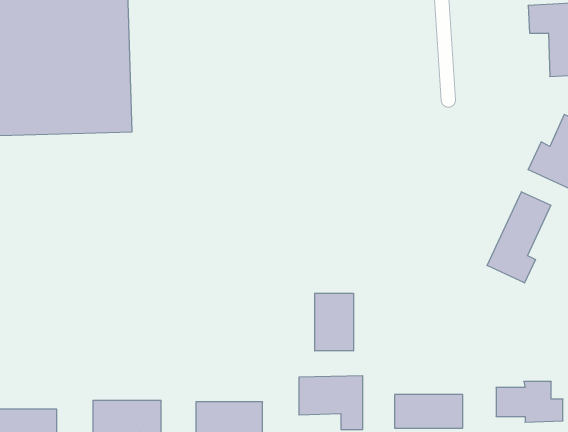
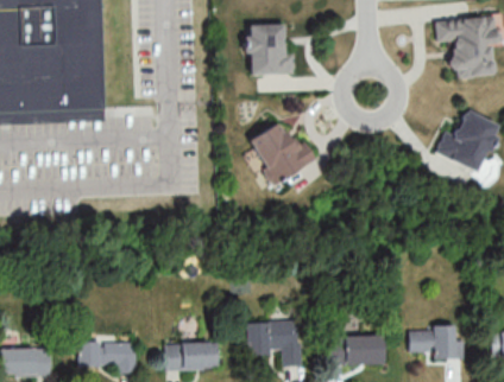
building: none -> [248,24,294,75]
building: none -> [248,121,315,183]
building: [487,192,551,283] -> none
building: [315,293,353,351] -> none

